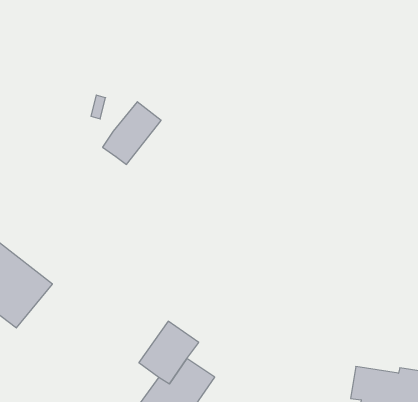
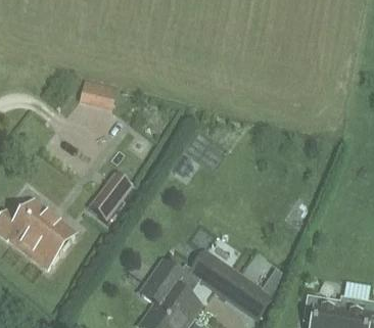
building: [103,102,161,164] -> [88,171,133,219]
building: none -> [191,250,273,317]

